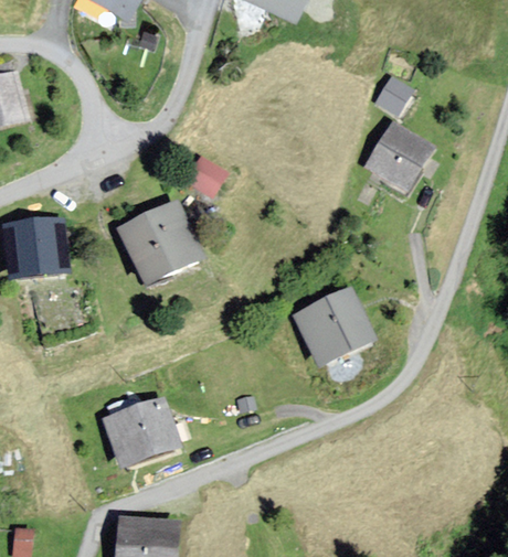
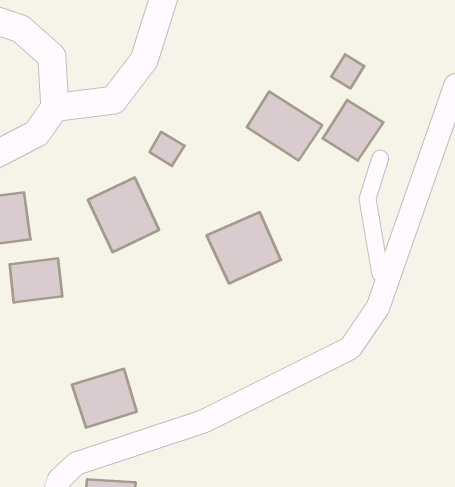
building: none -> [247,92,322,160]
building: none -> [10,258,62,303]
building: [295,290,372,364] -> [207,212,281,283]

